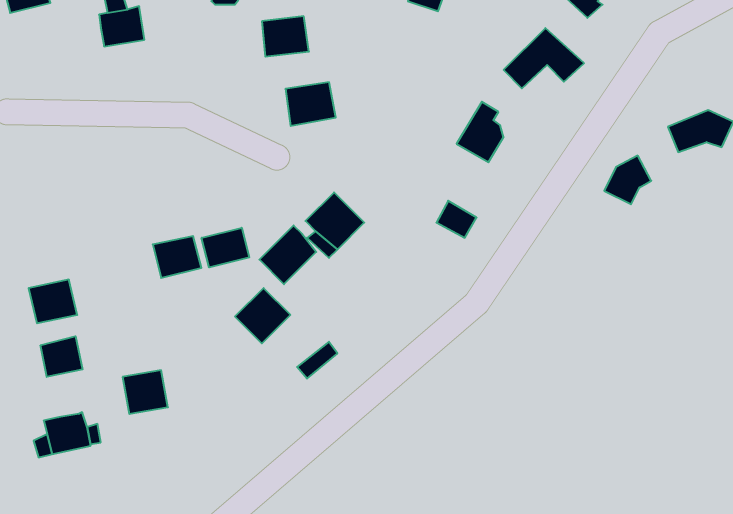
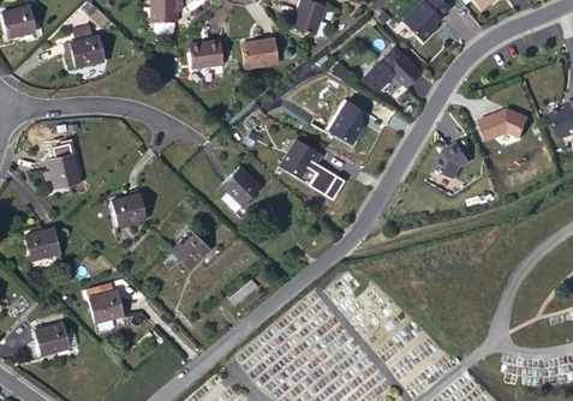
building: [285,82,336,126] -> [243,38,279,70]
building: none -> [281,140,323,178]
building: none -> [48,155,79,187]
building: [259,225,316,284] -> none
building: [202,228,249,267] -> none
building: [41,336,83,377] -> none

